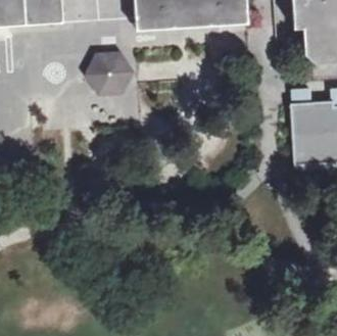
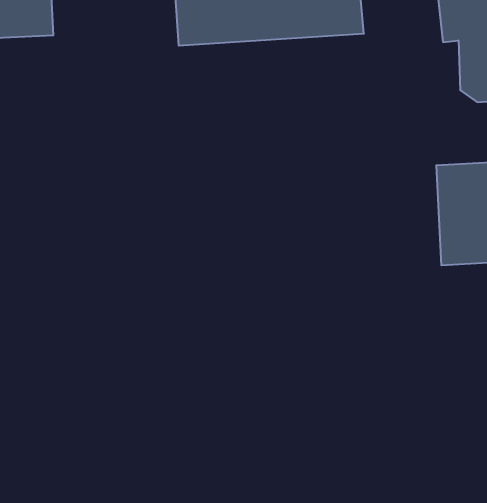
building: [83,53,133,97] -> none

